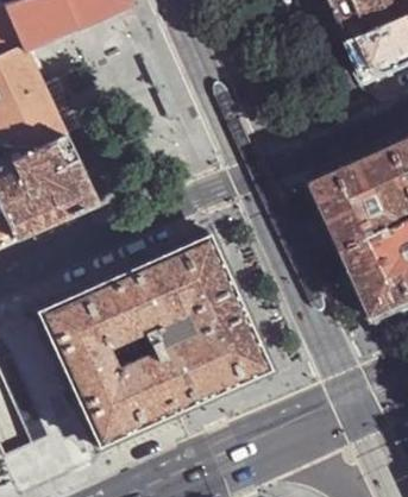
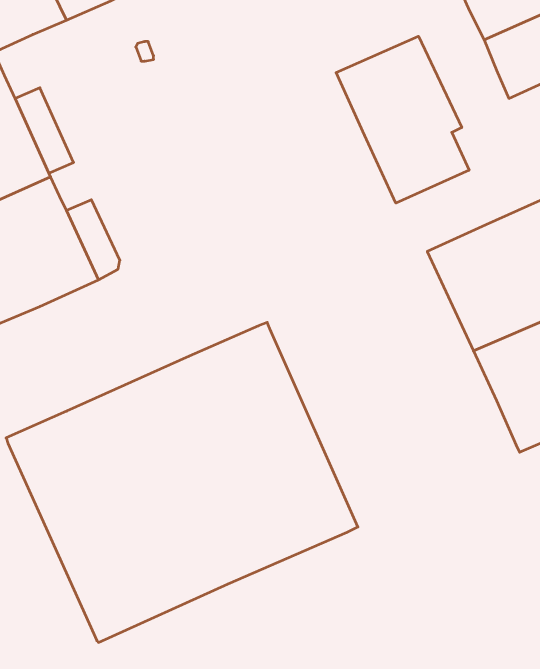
building: none -> [336,36,469,203]

